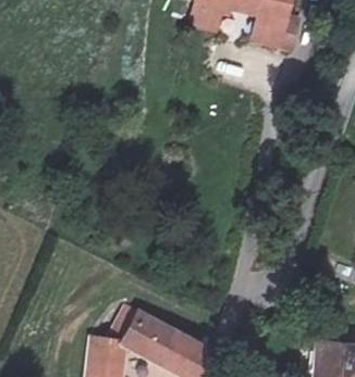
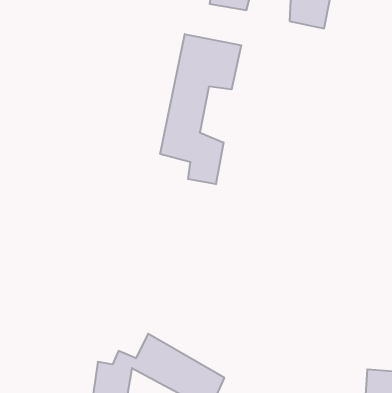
building: none -> [160,34,241,184]

